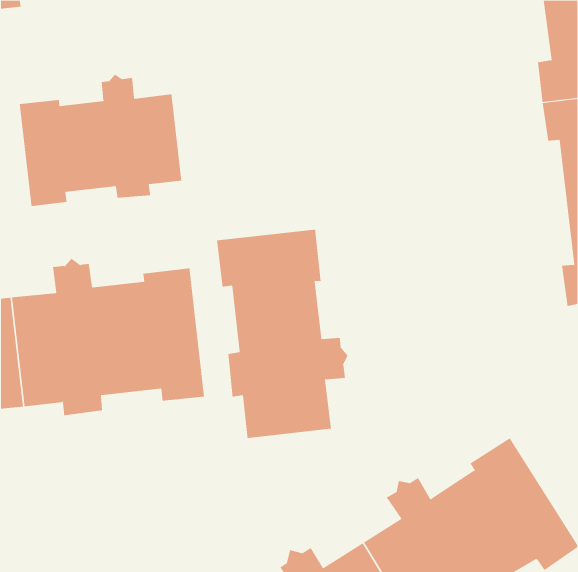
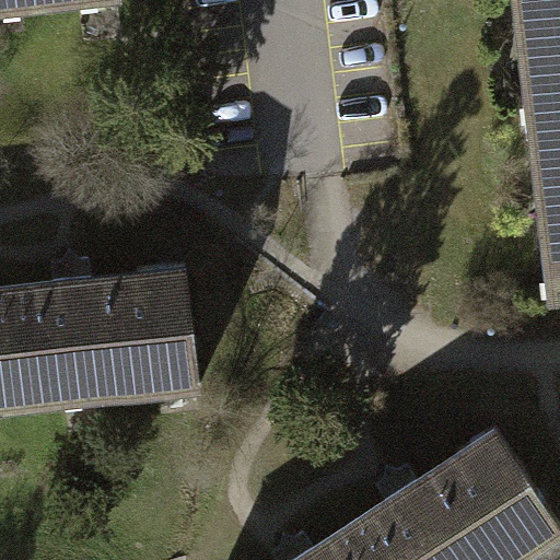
building: [19,74,182,207] -> none
building: [217,229,348,439] -> none

